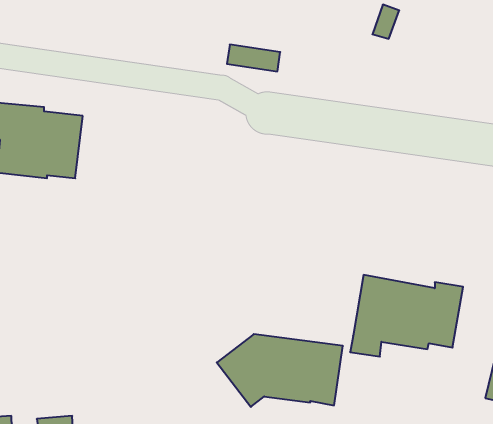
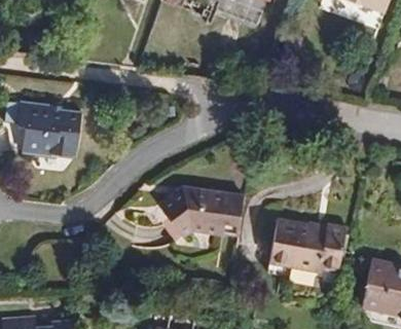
building: [217,334,343,407] -> [157,186,245,236]

